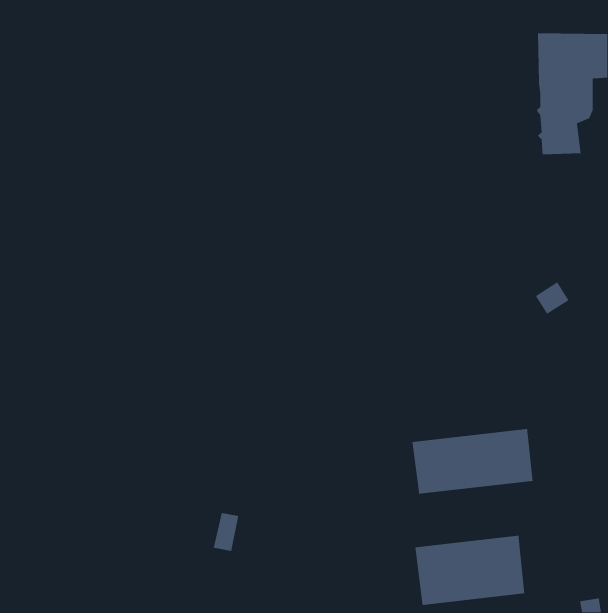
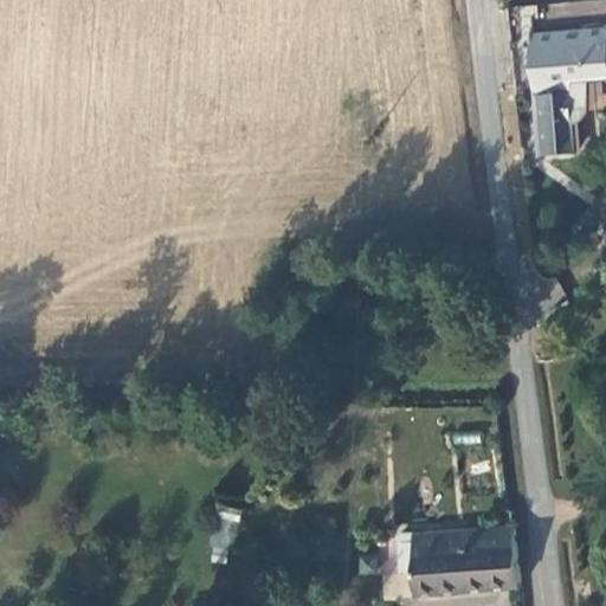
building: [411,428,533,495] -> none

